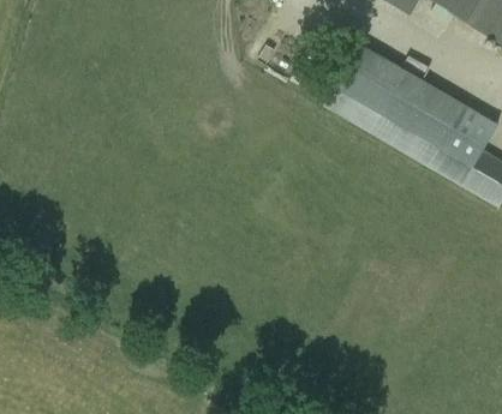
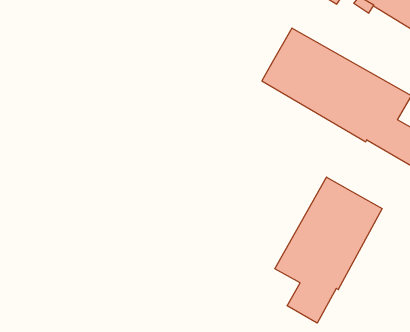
building: none -> [275,177,382,323]

